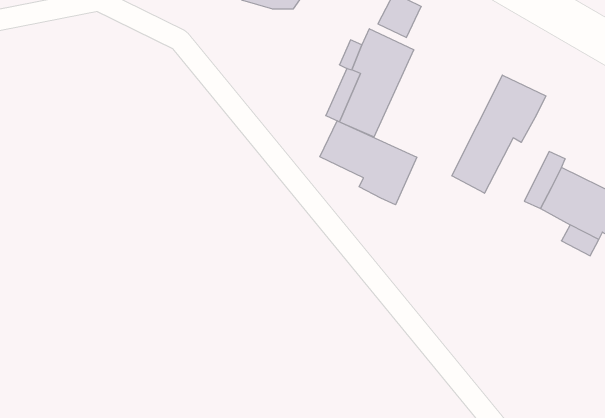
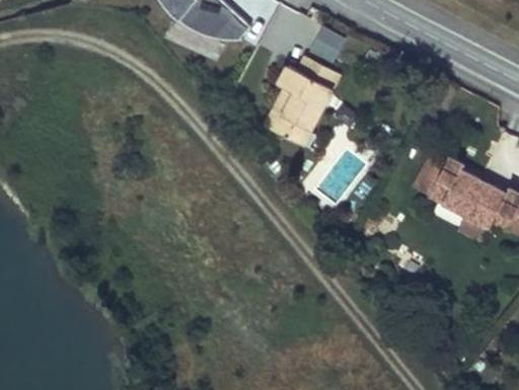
building: [452,75,546,193] -> none
building: [320,121,417,205] -> none

